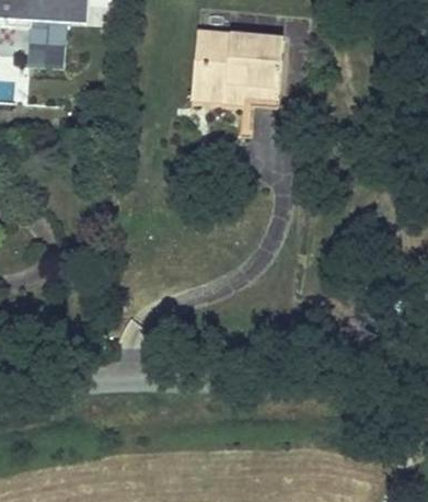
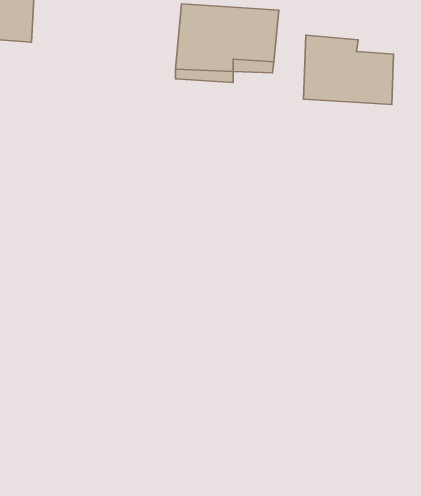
building: none -> [304,35,393,105]

